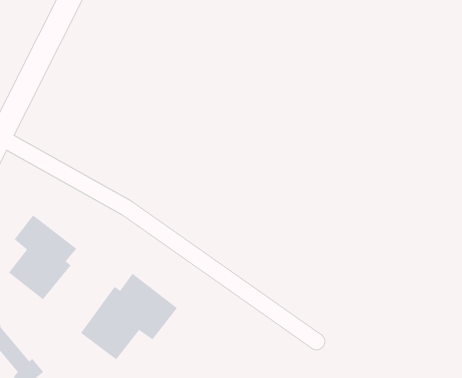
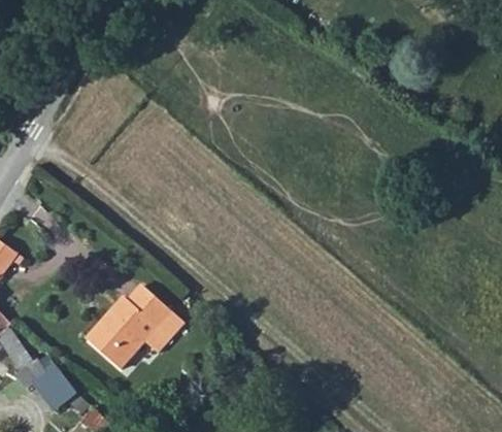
building: [8,214,77,300] -> none

